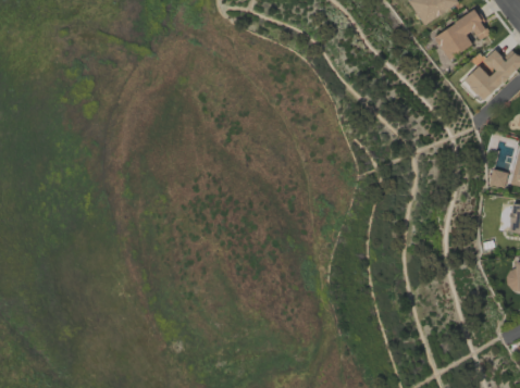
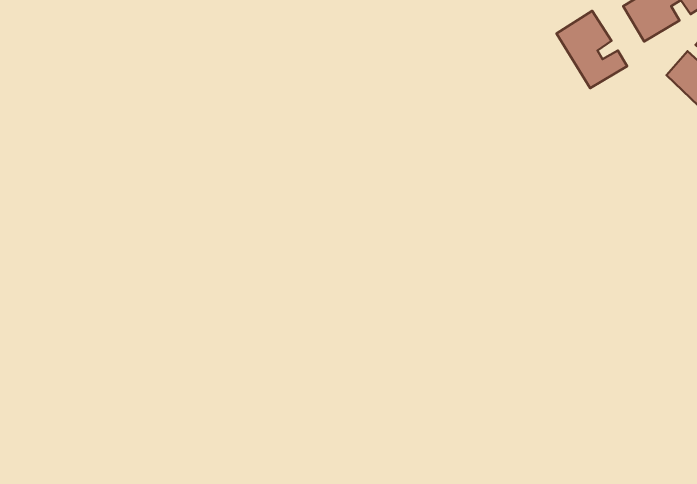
building: none -> [557,11,627,88]

